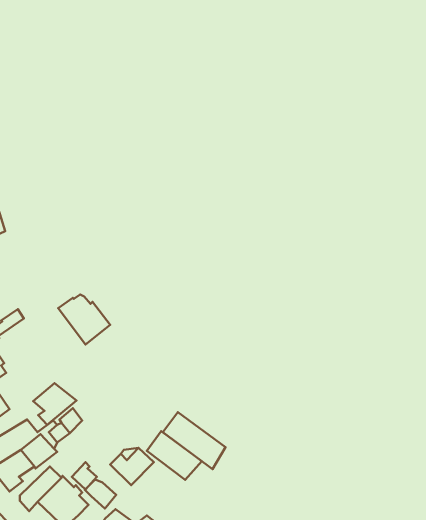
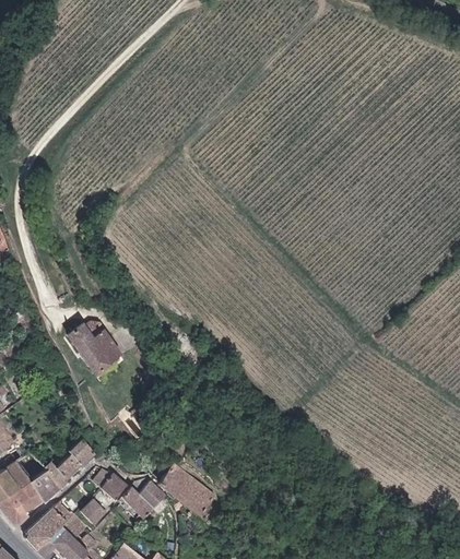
building: [33,383,76,425] -> none
building: [163,412,225,469] -> none
building: [85,479,116,509] -> [94,471,127,501]

